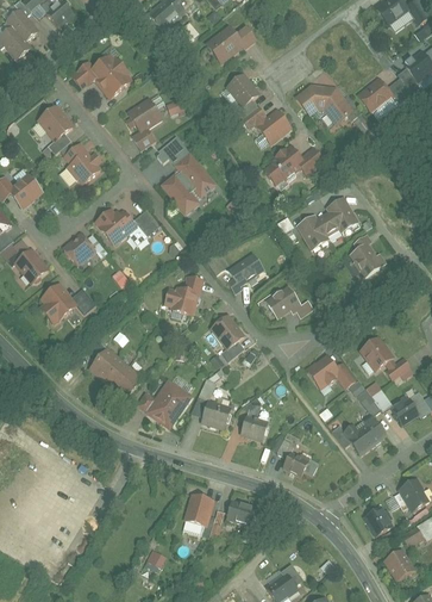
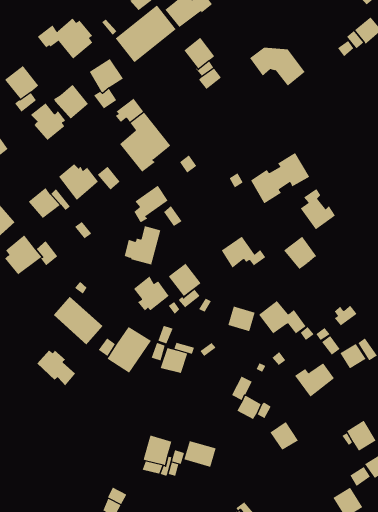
building: none -> [115,5,176,63]
building: [356,77,393,113] -> none
building: [255,108,293,145] -> none
building: none -> [53,84,89,120]
building: [263,147,325,185] -> none
building: [226,252,263,292] -> [133,185,168,223]
building: none -> [133,276,170,311]
building: [358,335,394,371] -> [283,236,317,270]
building: none -> [36,350,76,386]
building: [239,414,269,441] -> [227,306,256,332]
building: [363,507,394,538] -> [269,421,299,451]

